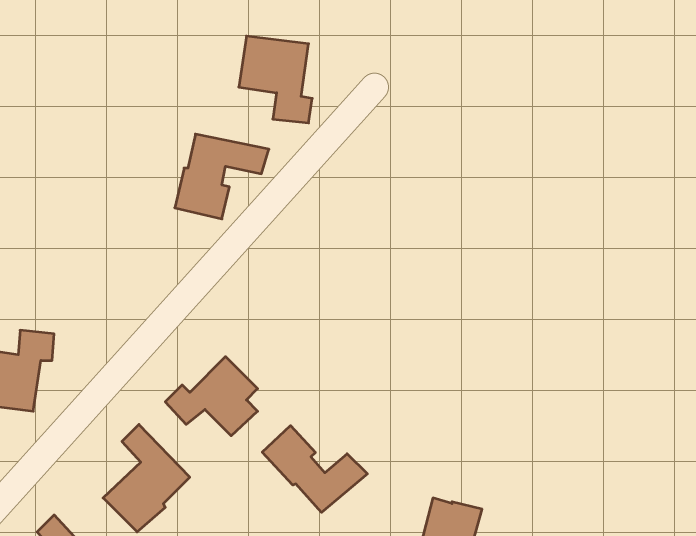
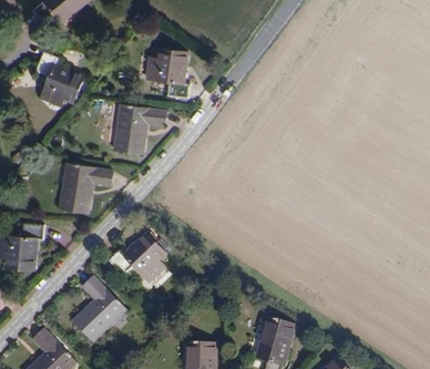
building: none -> [35,52,83,105]
building: none -> [61,165,112,213]
building: [262,426,367,512] -> none

